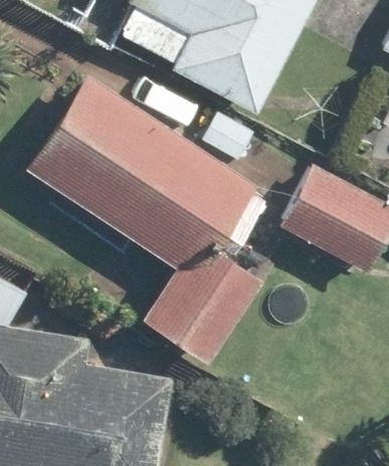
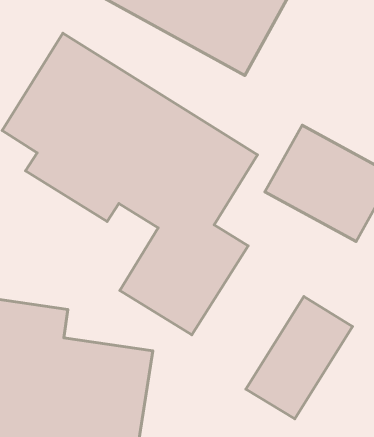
building: none -> [246,297,353,419]

